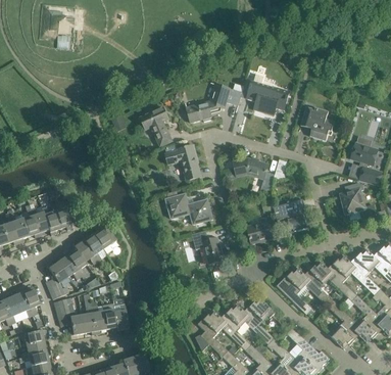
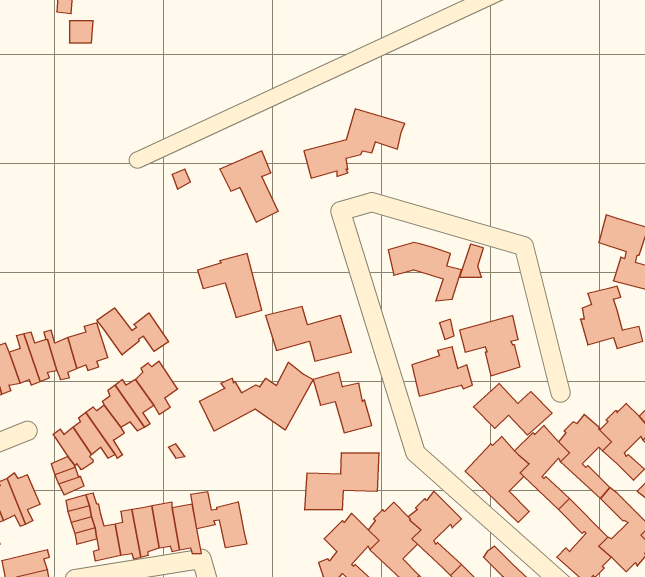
building: [241,75,290,116] -> none
building: [301,107,334,141] -> none
building: [165,145,201,181] -> [198,254,262,318]
building: none -> [97,308,169,355]
building: none -> [200,362,313,431]
building: none -> [473,383,552,435]
building: none -> [305,453,379,510]
building: none -> [191,492,247,548]

